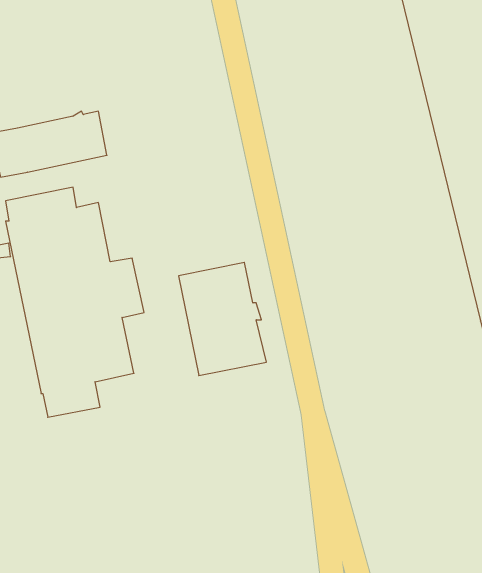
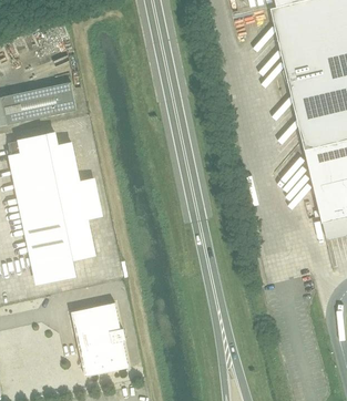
building: [179,262,266,376] -> [72,302,130,377]

